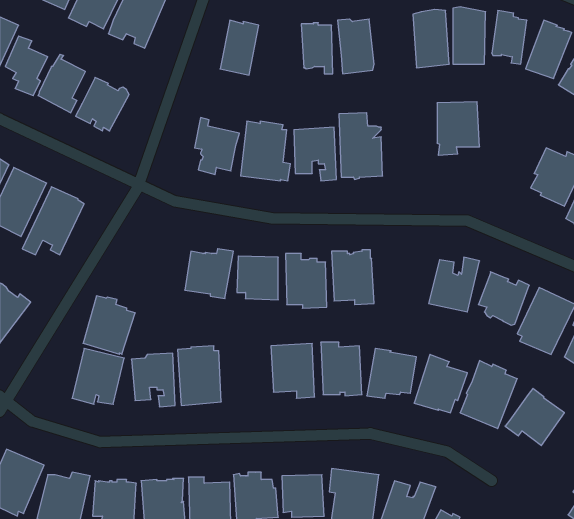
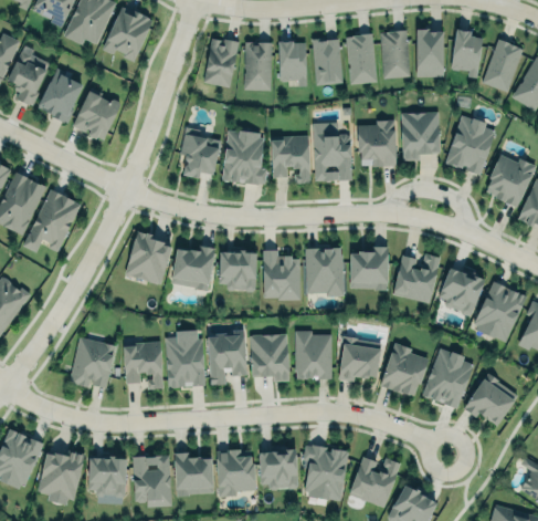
building: none -> [346,32,377,84]
building: none -> [244,42,273,91]
building: none -> [445,115,495,175]
building: none -> [357,119,395,166]
building: none -> [350,246,388,291]
building: [83,296,135,354] -> [125,231,172,284]
building: none -> [208,330,246,384]

